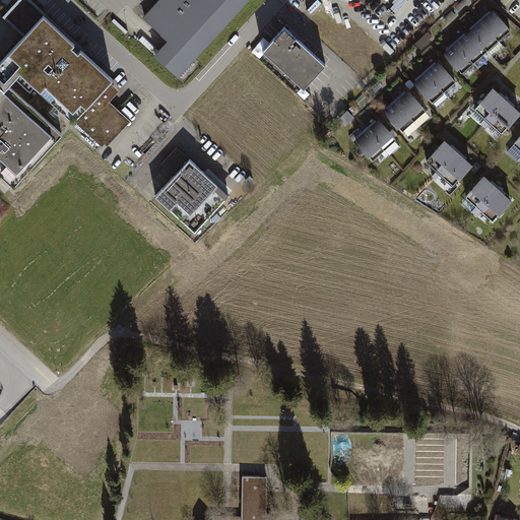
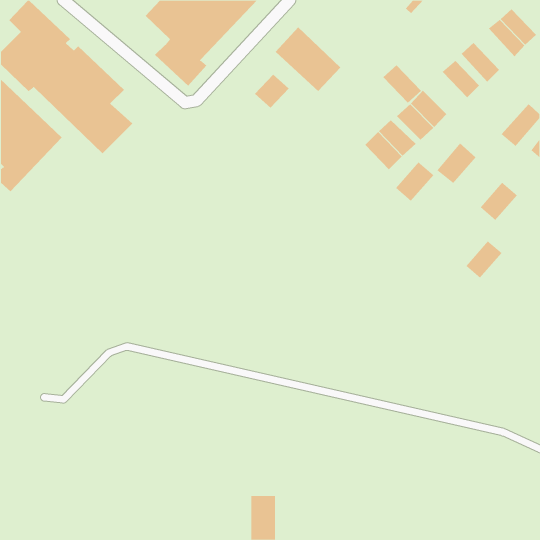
building: [455,27,495,67] -> none
building: [411,69,449,107] -> [383,64,422,104]
building: none -> [254,74,289,108]
building: [469,88,508,129] -> none
building: [151,144,229,233] -> none
building: [436,151,473,190] -> [395,161,434,202]
building: [476,188,512,224] -> [465,241,502,279]

